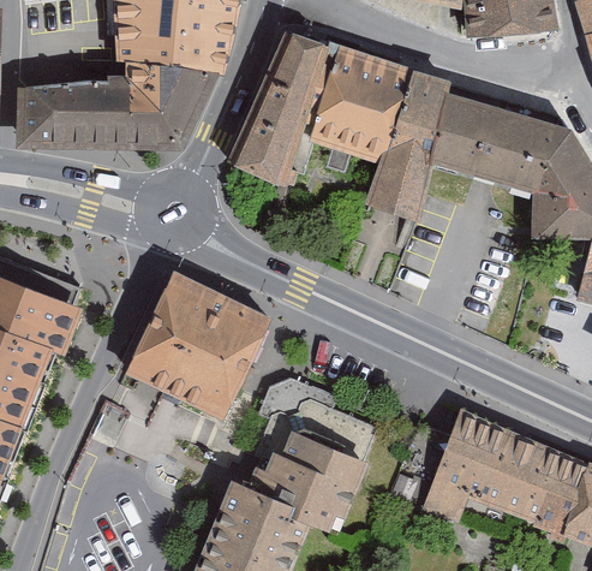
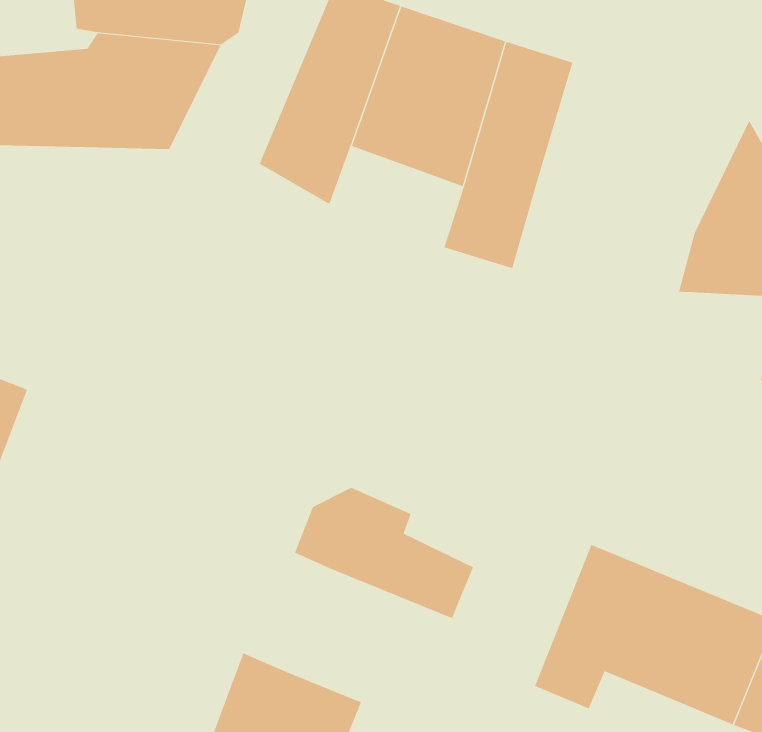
building: [424,87,567,202] -> none
building: [130,270,276,417] -> none
building: [255,429,366,533] -> none

